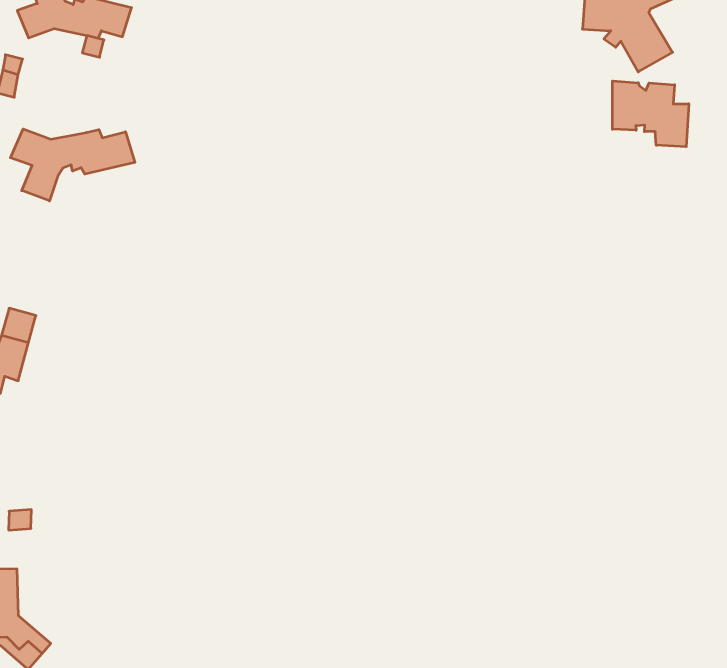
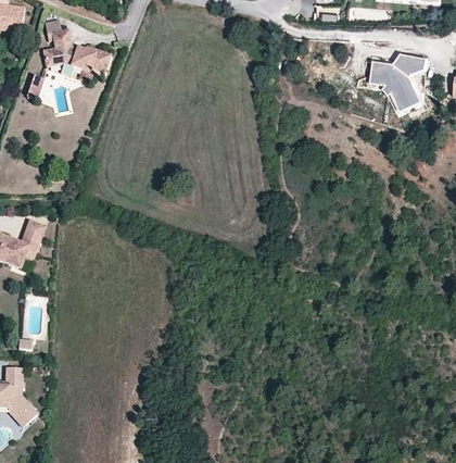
building: [612,81,689,147] -> none
building: [10,129,135,201] -> none

